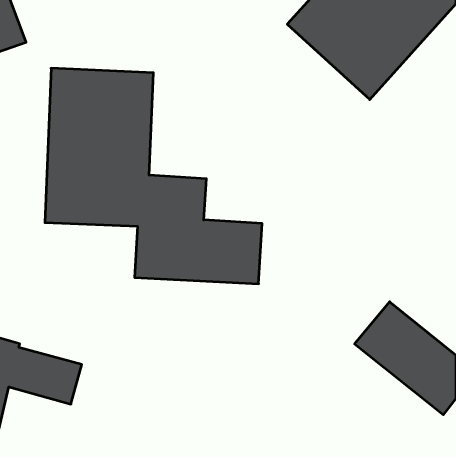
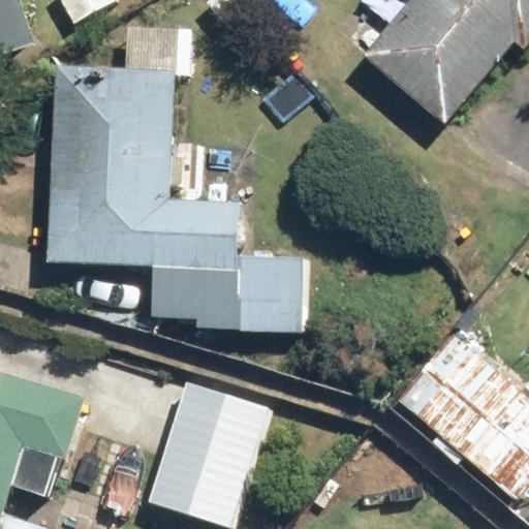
building: none -> [160,395,255,522]

